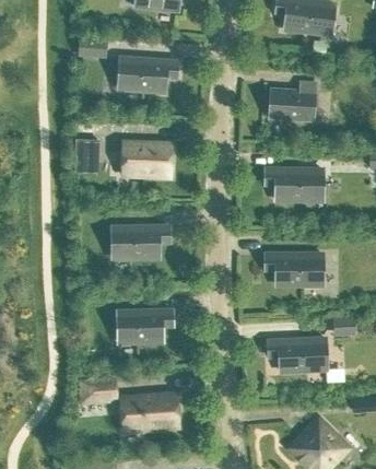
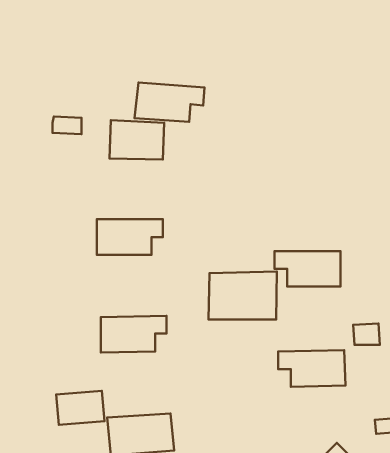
building: [118,58,178,92] -> [135,82,204,122]
building: [270,83,315,120] -> none
building: [266,169,324,200] -> none
building: none -> [209,272,277,319]

